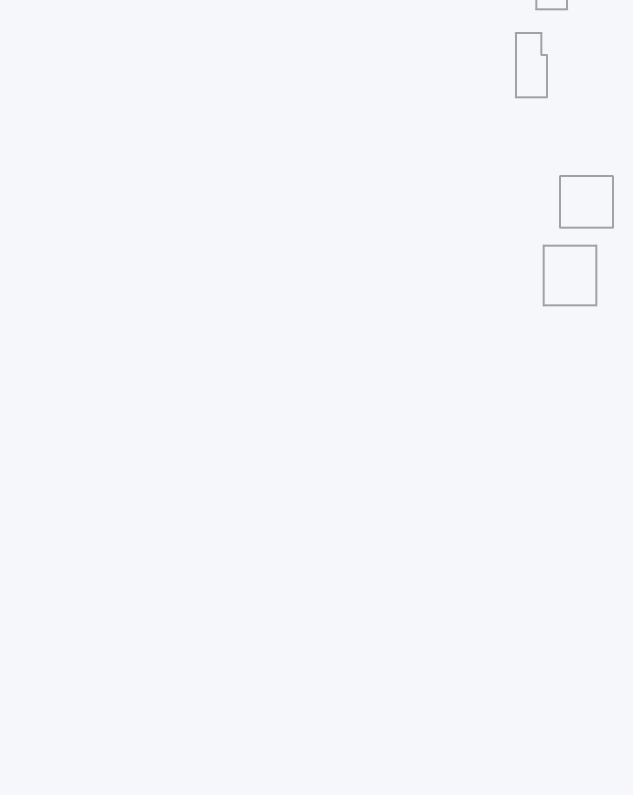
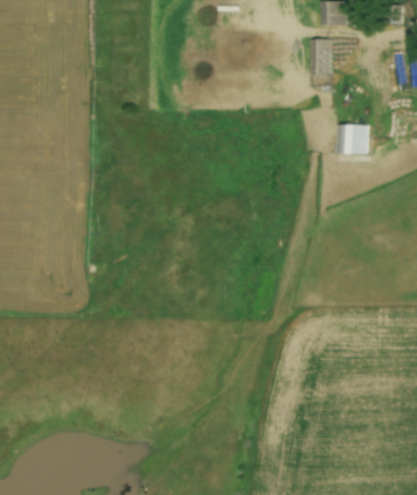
building: [544,245,596,306] -> none

